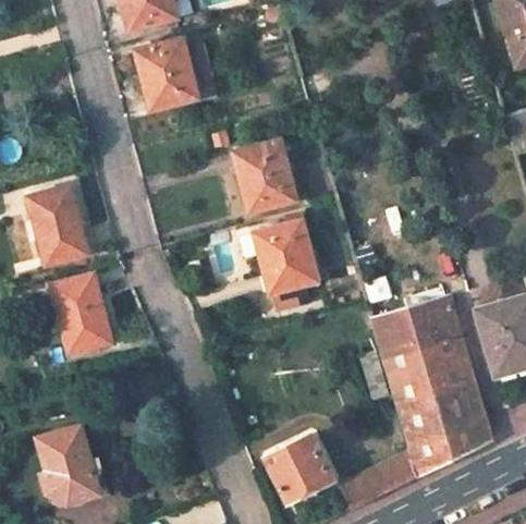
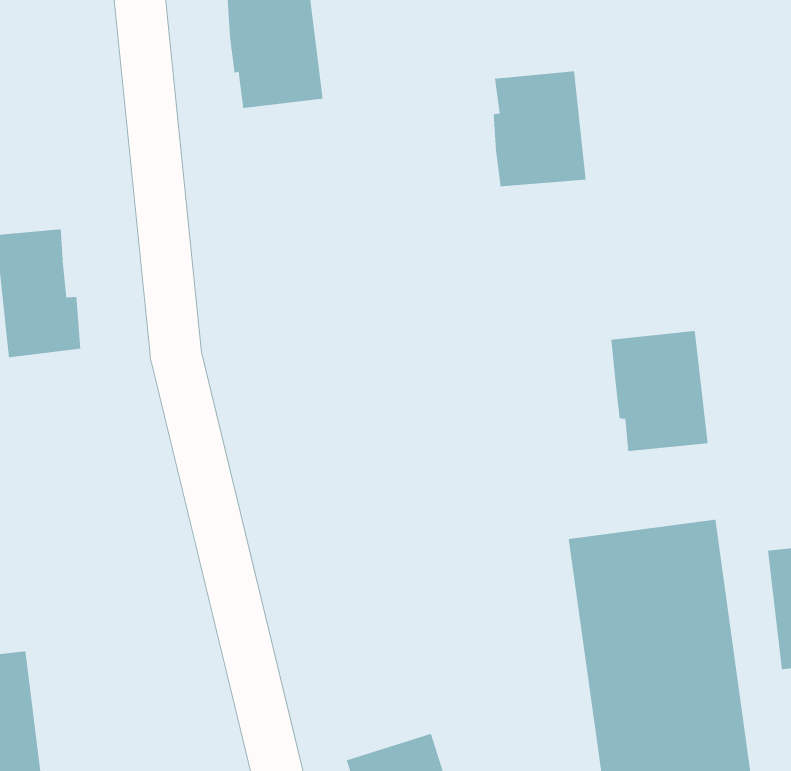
building: [236,141,295,210] -> [493,71,586,187]
building: [255,221,317,293] -> [611,330,708,451]
building: [52,276,105,352] -> none

